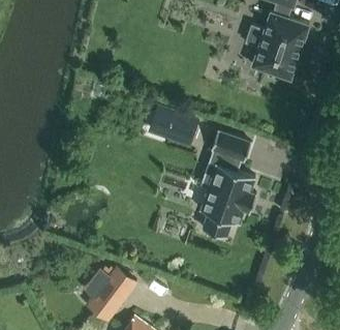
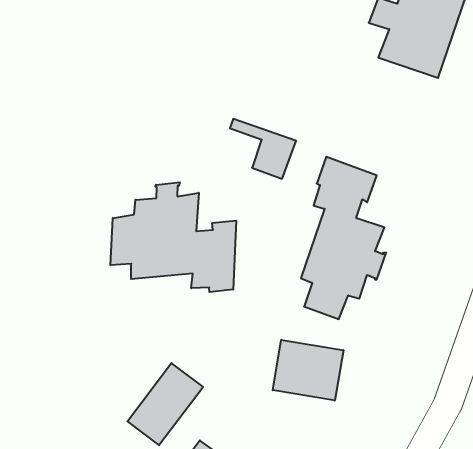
building: none -> [110,182,236,292]
building: none -> [273,340,343,401]

